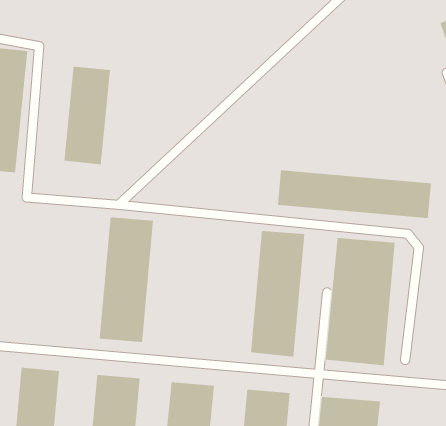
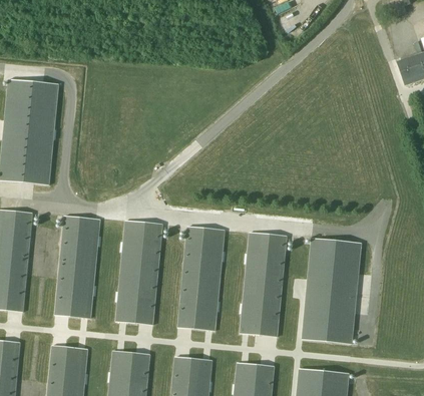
building: [64,66,111,165] -> none
building: [278,170,431,219] -> none
building: none -> [55,215,96,318]
building: none -> [178,226,224,330]

